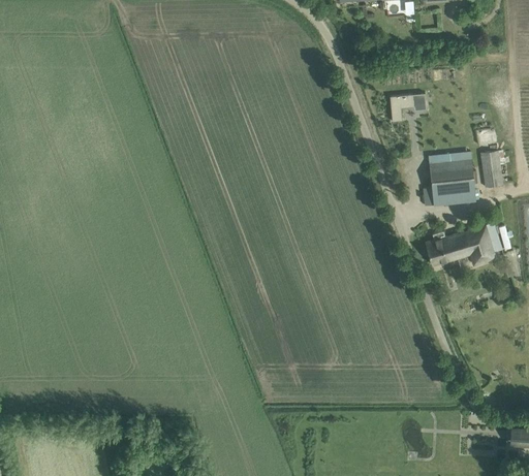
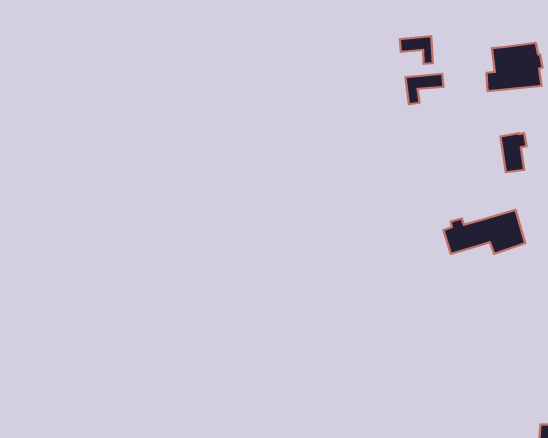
building: none -> [400,36,433,64]
building: [424,159,477,205] -> [486,43,542,91]

